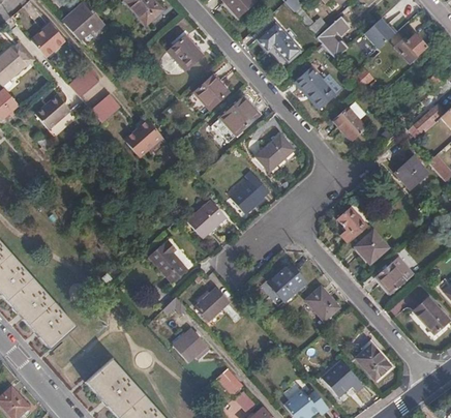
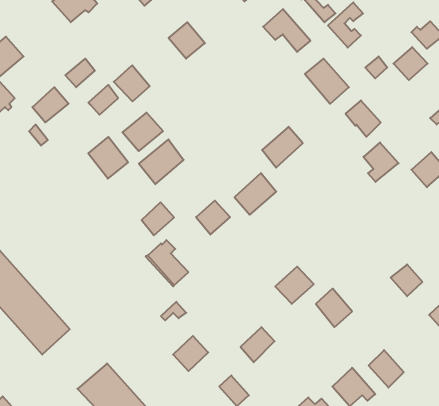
building: [364,19,396,50] -> [393,47,428,80]
building: [32,23,66,57] -> none
building: [198,69,233,105] -> none
building: none -> [114,65,150,101]
building: [212,102,252,141] -> none
building: none -> [88,137,128,179]
building: none -> [139,139,184,184]
building: none -> [142,202,174,235]
building: [337,205,370,242] -> [363,142,399,182]
building: [355,230,389,262] -> none
building: [198,289,230,322] -> [241,327,275,362]

